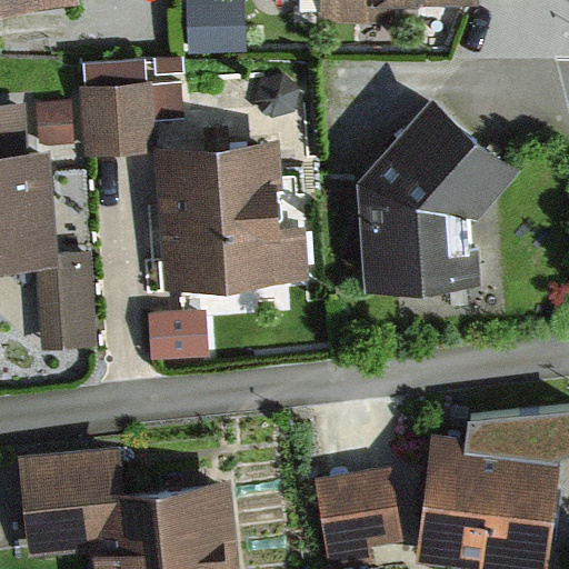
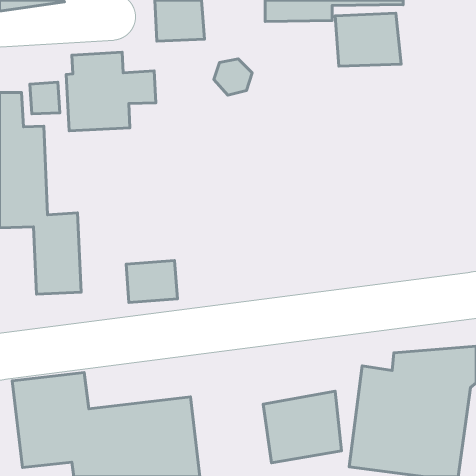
building: none -> [335,13,401,66]
building: [359,103,515,293] -> none
building: [159,143,308,295] -> none

